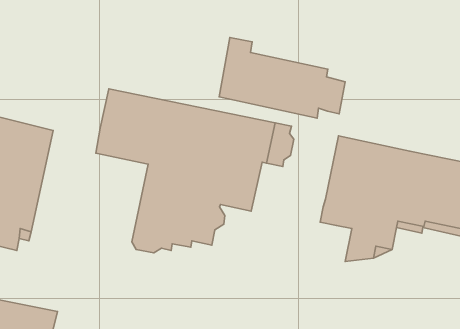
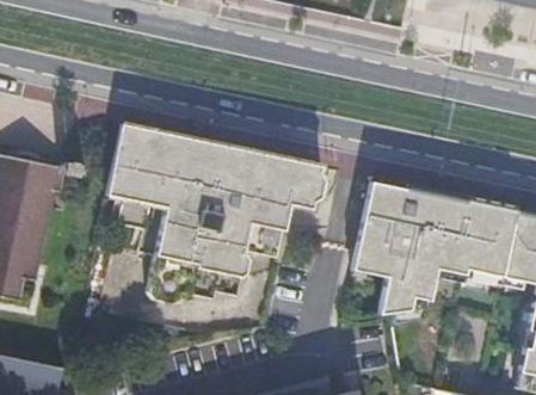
building: [219,37,345,118] -> none

